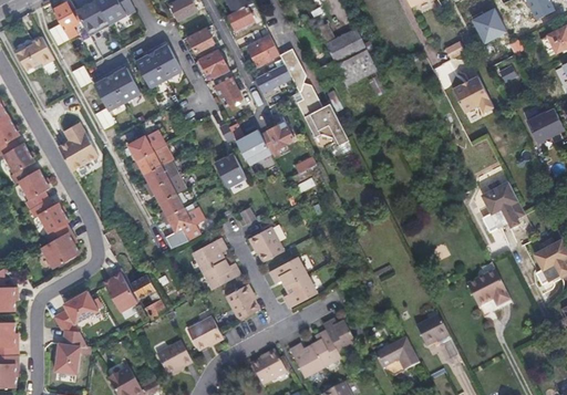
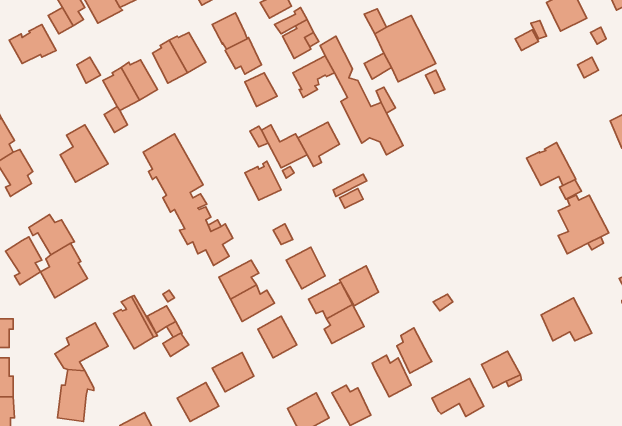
building: [452,75,494,112] -> [526,143,576,186]
building: [19,168,50,209] -> [5,237,42,285]
building: none -> [340,266,378,306]
building: [311,330,341,368] -> [397,328,432,373]

